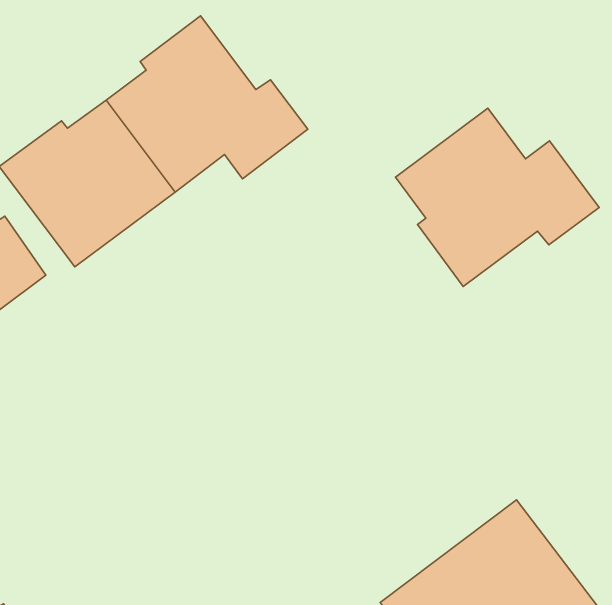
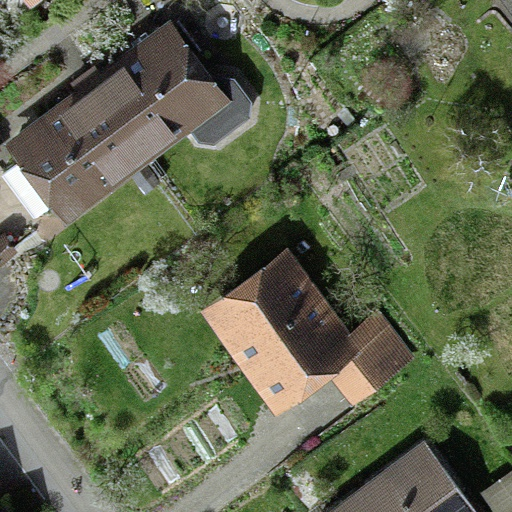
building: [396,108,599,286] -> none
building: none -> [194,240,408,413]

